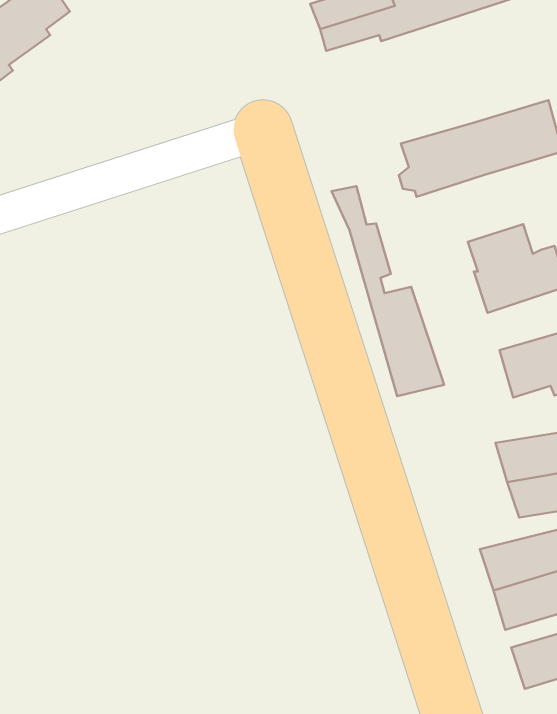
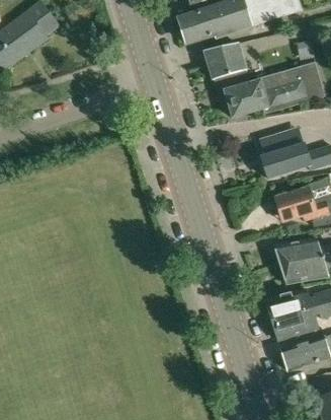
building: none -> [203,43,250,89]
building: [332,186,444,396] -> none

